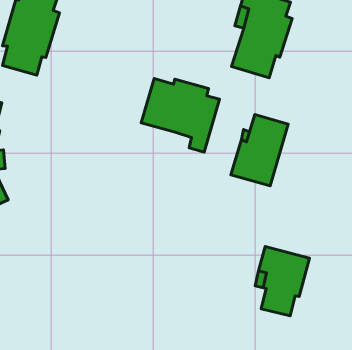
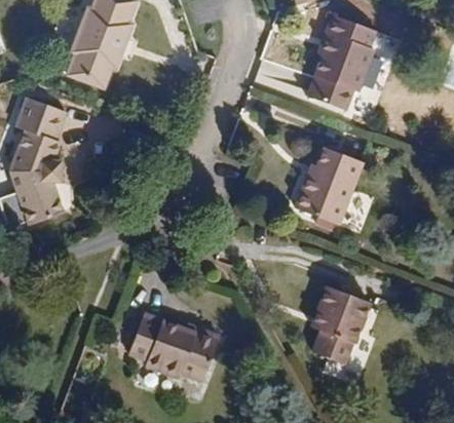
building: [141,78,219,152] -> none
building: none -> [128,313,219,379]

